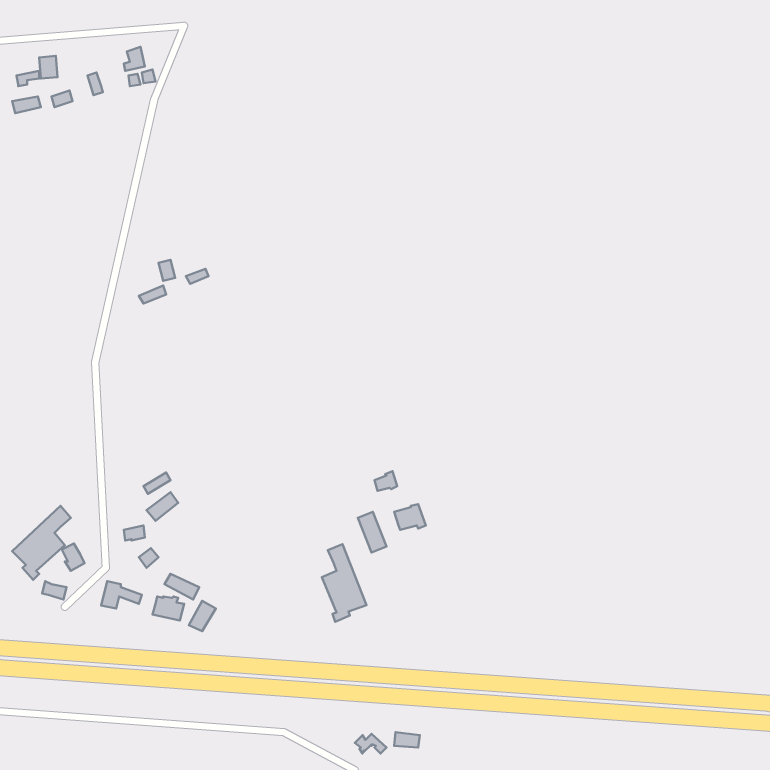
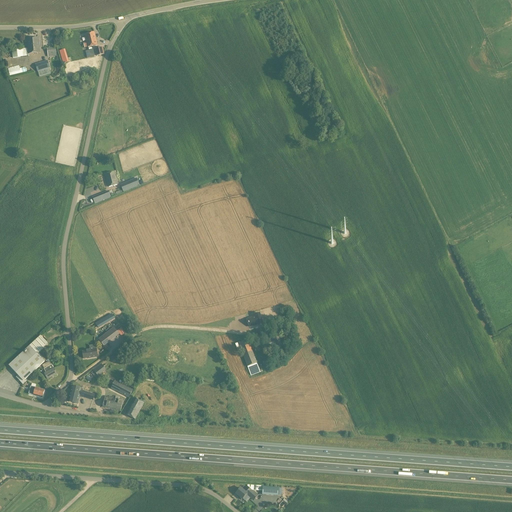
building: [322,544,367,622] -> none

